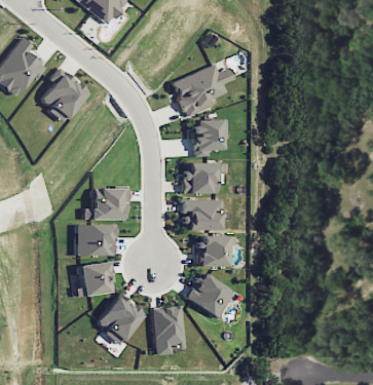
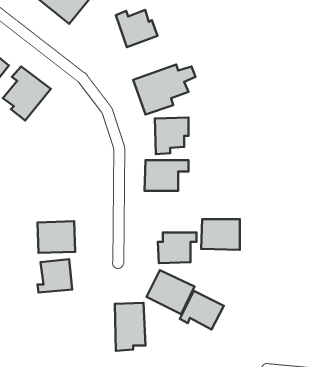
building: none -> [116,10,158,47]
building: [82,187,127,220] -> none
building: [182,199,221,230] -> [201,219,240,250]
building: [97,294,144,345] -> none
building: none -> [180,291,224,330]

